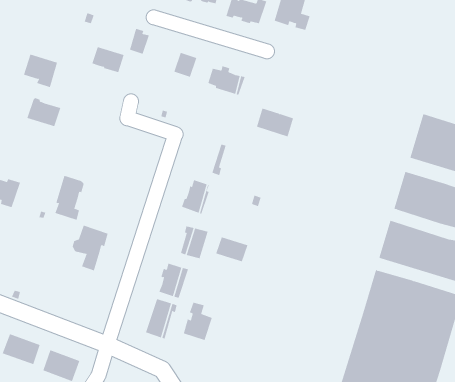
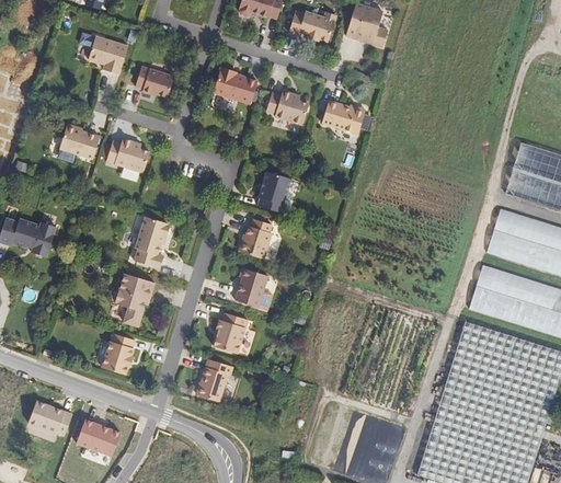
building: [129,28,150,55] -> [213,64,237,94]
building: [23,54,58,88] -> [87,34,127,73]
building: [256,108,294,137] -> [323,96,367,130]
building: none -> [105,138,148,173]
building: none -> [256,171,284,211]
building: [54,175,85,221] -> [133,216,168,268]
building: [216,237,248,262] -> none
building: none -> [102,334,135,375]
building: [183,302,213,341] -> none

